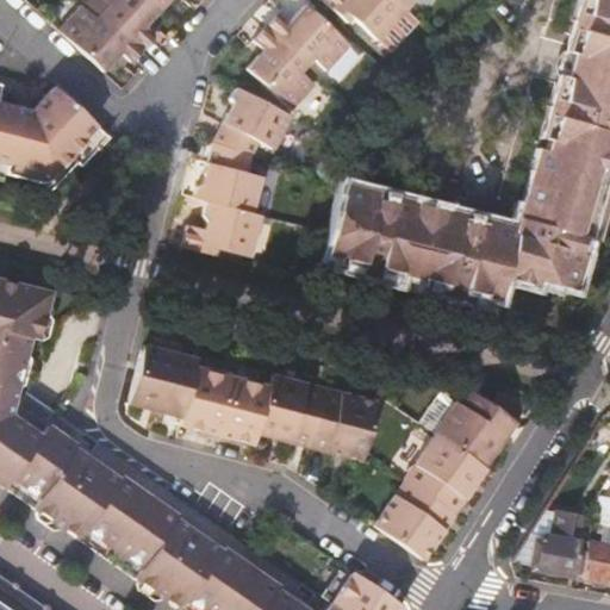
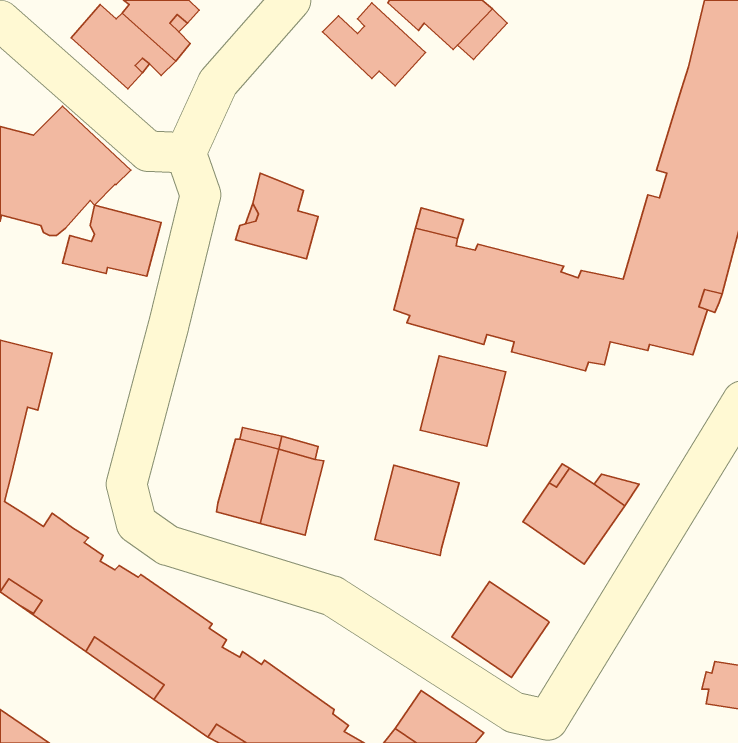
building: [249,26,316,107] -> none
building: [217,86,293,156] -> none
building: [183,200,264,259] -> [62,205,161,276]
building: [129,341,198,412] -> none
building: [256,368,326,442] -> [420,356,506,446]
building: [404,429,484,509] -> none
building: [531,511,585,575] -> none

